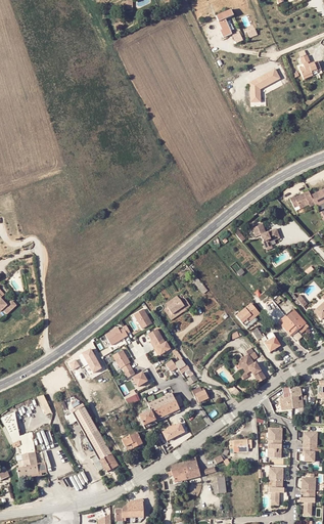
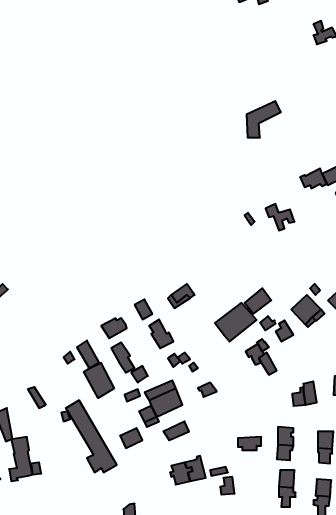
building: [249,70,281,103] -> [247,101,281,138]
building: none -> [215,303,257,342]
building: none -> [84,363,114,398]

